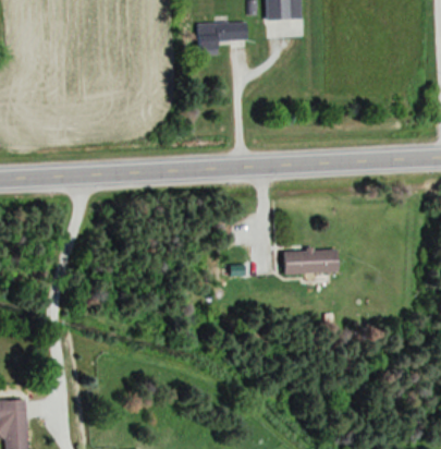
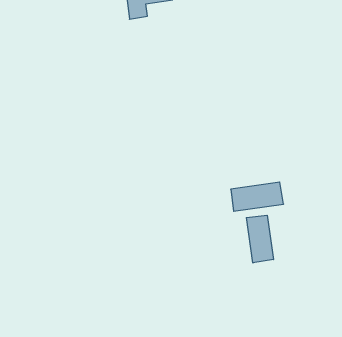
building: none -> [246,215,273,263]

